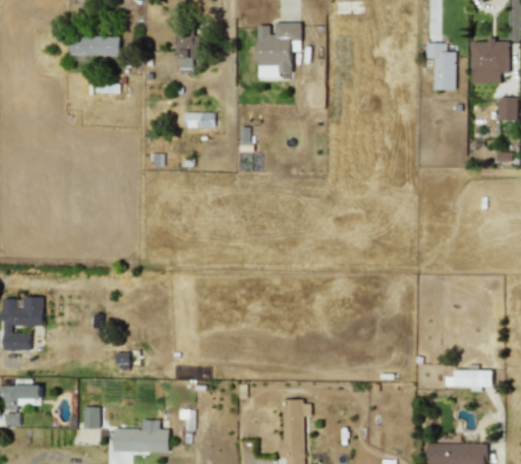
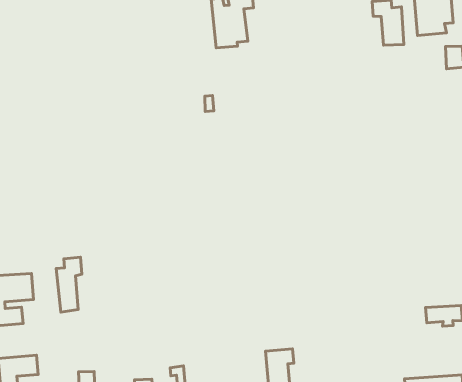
building: [69,35,119,56] -> none
building: [177,35,199,68] -> none
building: [182,113,214,128] -> none
building: none -> [56,257,82,312]

